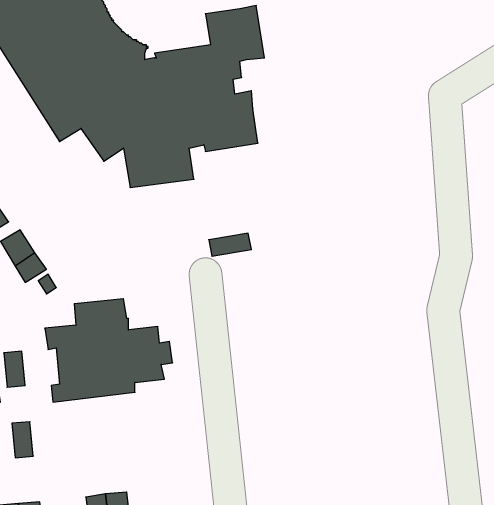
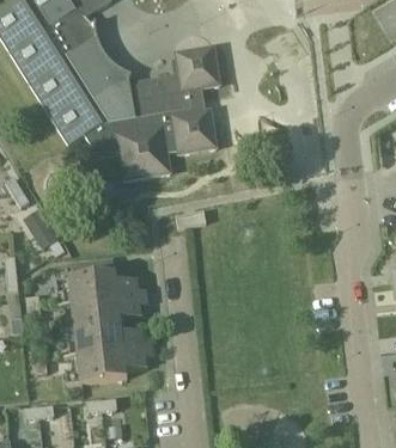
building: none -> [62,325,156,385]

